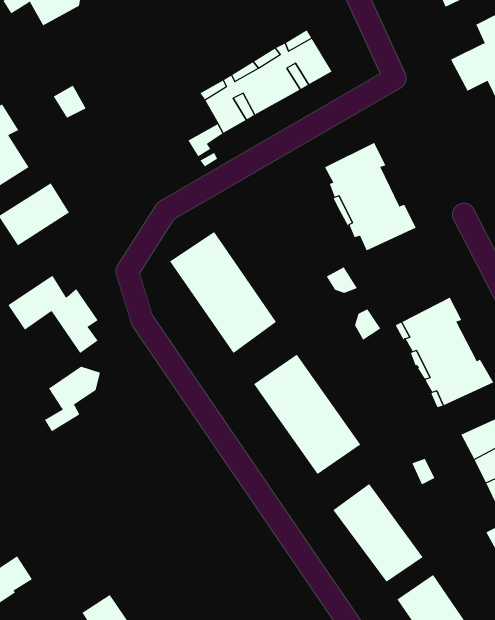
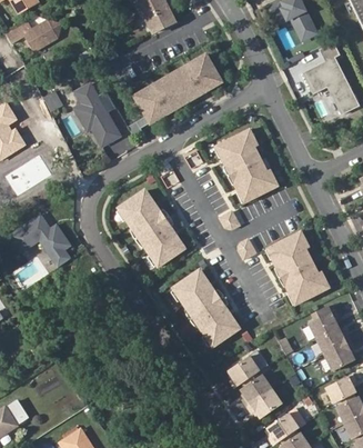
building: none -> [70,81,122,149]
building: [44,366,100,432] -> none

